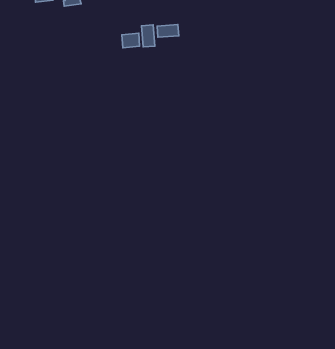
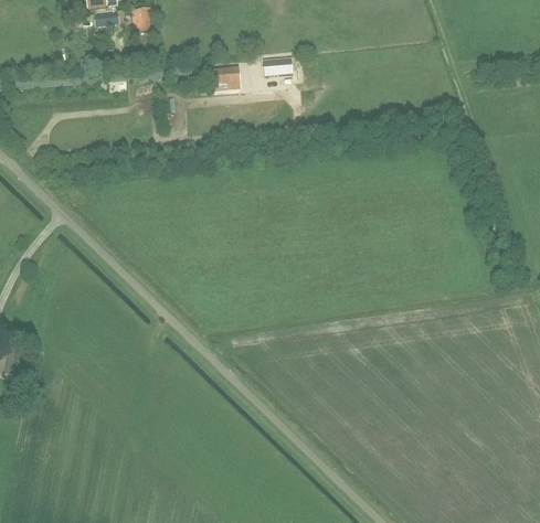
building: [142,25,155,47] -> none

